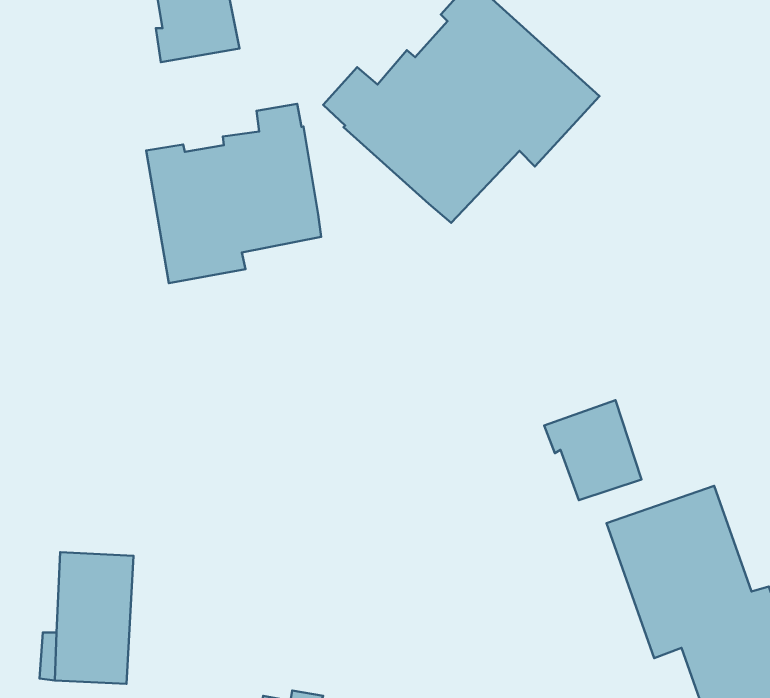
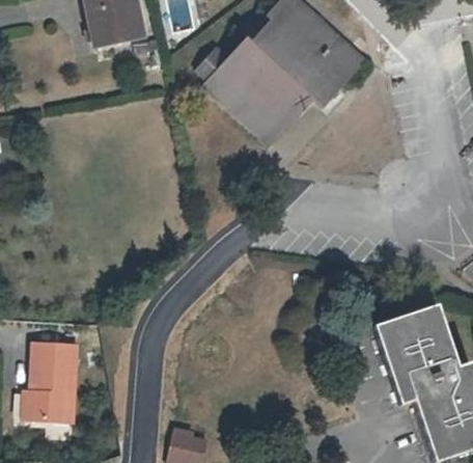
building: [146,104,321,283] -> none
building: [544,400,641,500] -> none

